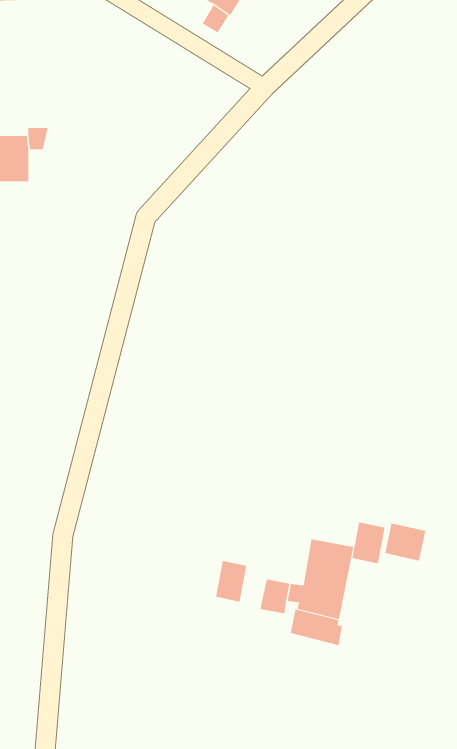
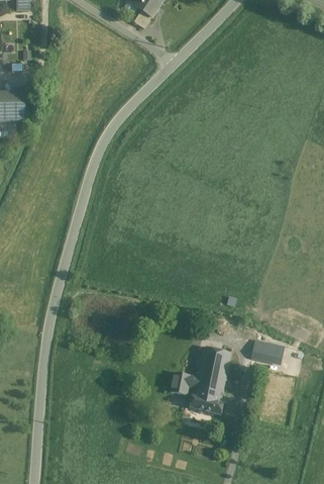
building: [352,521,385,564] -> none
building: [216,560,247,602] -> none

